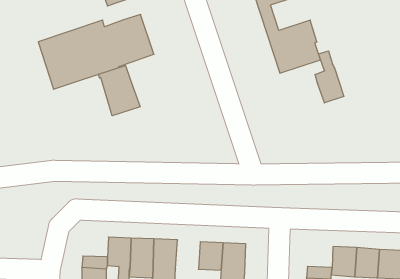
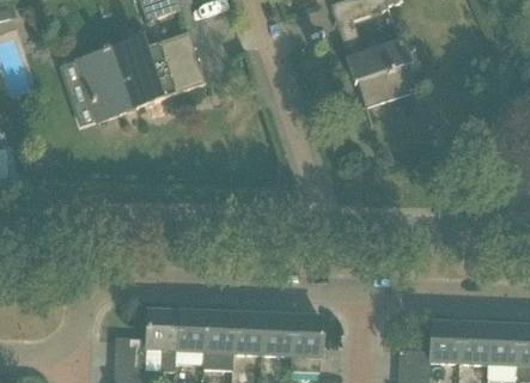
building: [315,51,344,103] -> none
building: [99,65,140,116] -> none
building: none -> [233,316,264,353]

